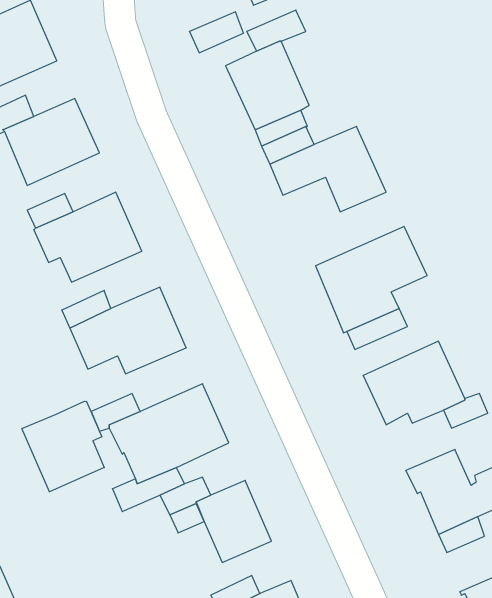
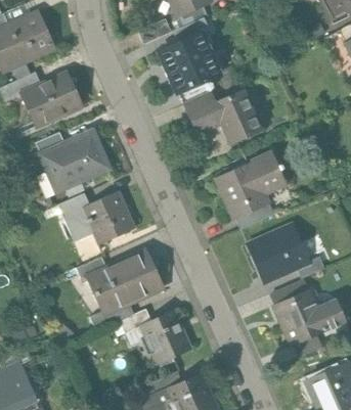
building: [22,401,104,492] -> none

